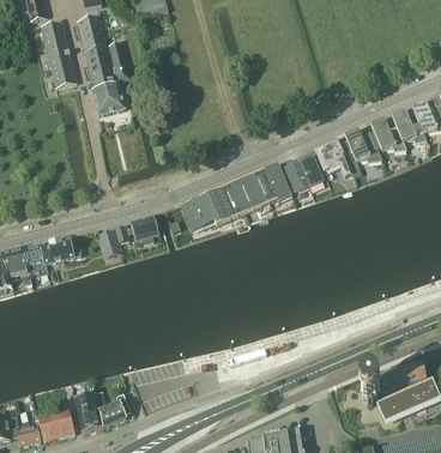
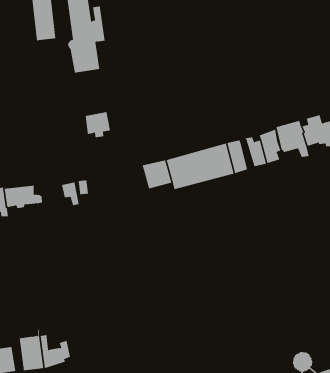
building: [131,215,159,243] -> [85,112,111,138]

